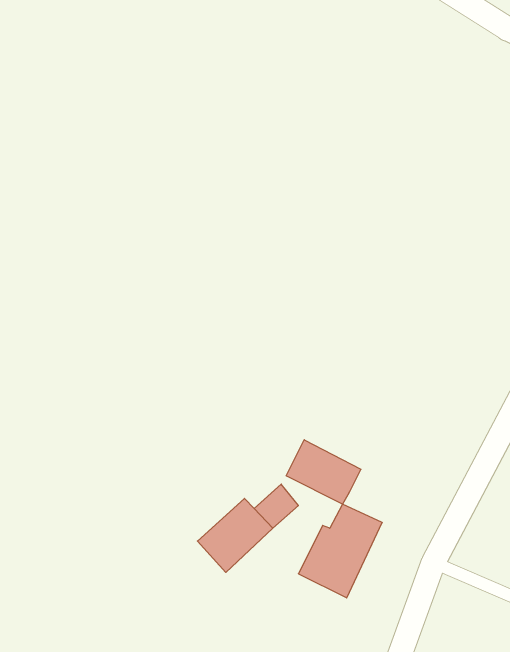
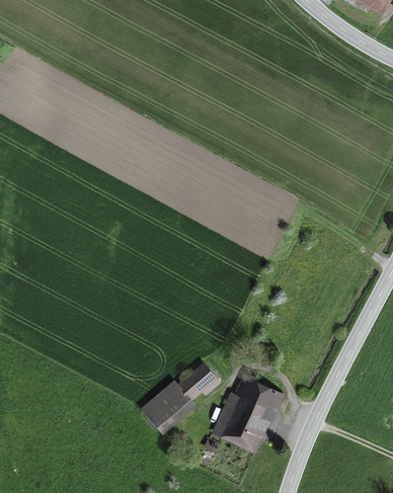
building: [286,440,361,504] -> none

